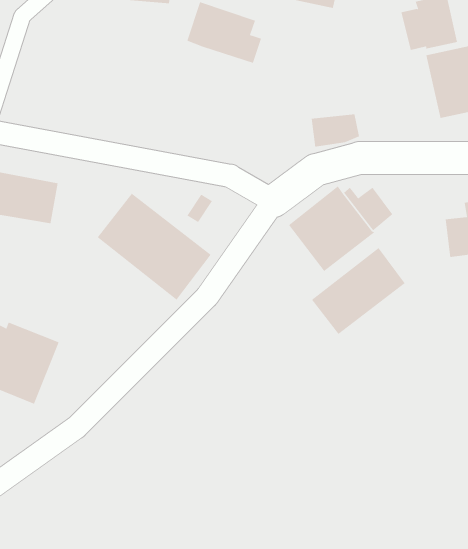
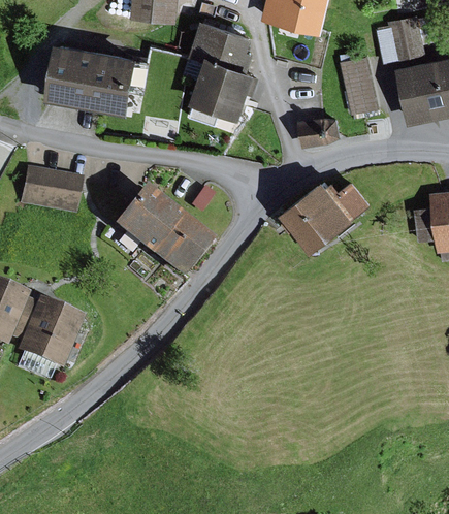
building: none -> [47,43,139,114]
building: none -> [340,57,380,115]
building: none -> [190,61,255,126]
building: [311,247,406,335] -> none

